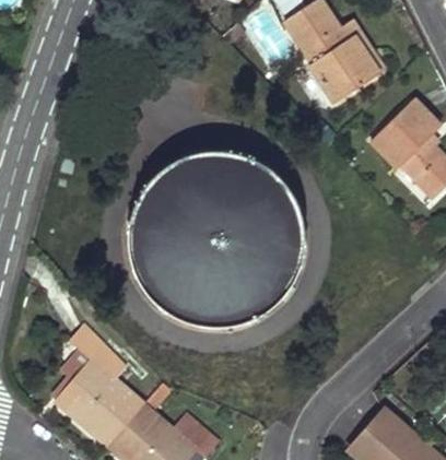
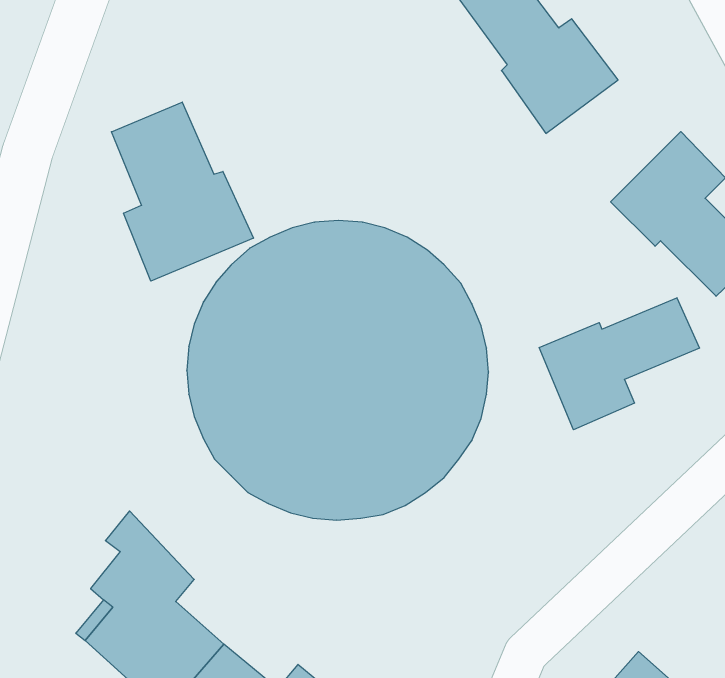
building: none -> [111,102,253,281]
building: none -> [539,298,699,430]

